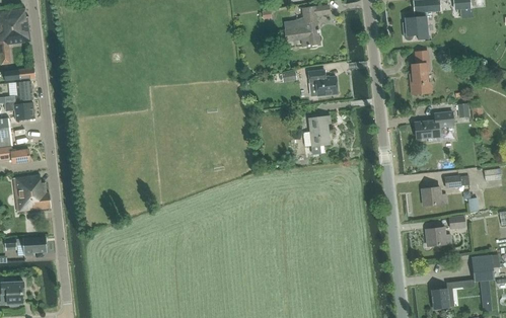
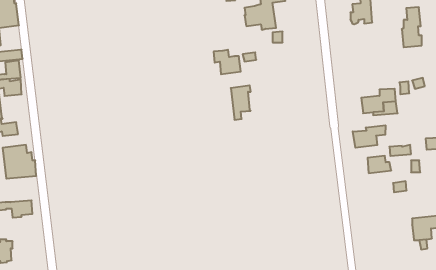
building: [409,50,431,94] -> [402,7,422,47]
building: [307,69,338,96] -> [214,50,241,74]
building: [307,115,330,154] -> [231,85,251,120]
building: none -> [353,125,385,148]
building: [425,227,450,246] -> none
building: [430,288,453,309] -> none

